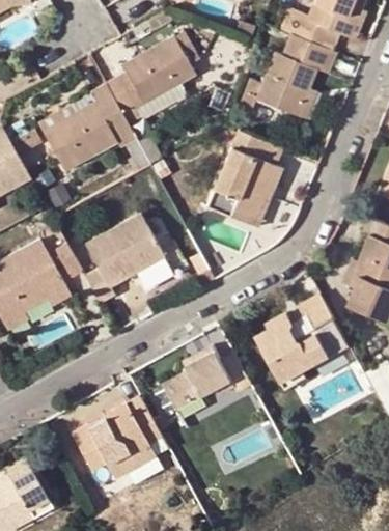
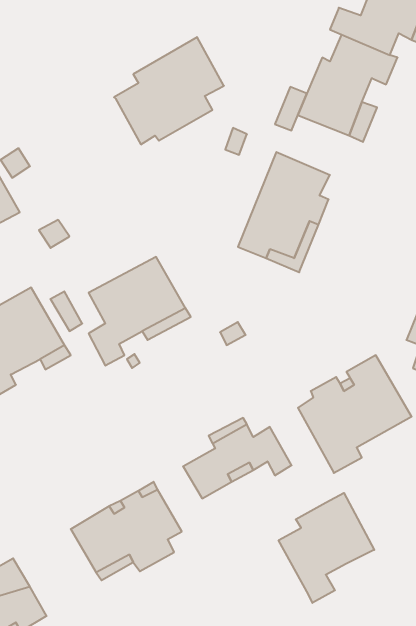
building: [39,86,137,171] -> none
building: none -> [279,493,374,603]

